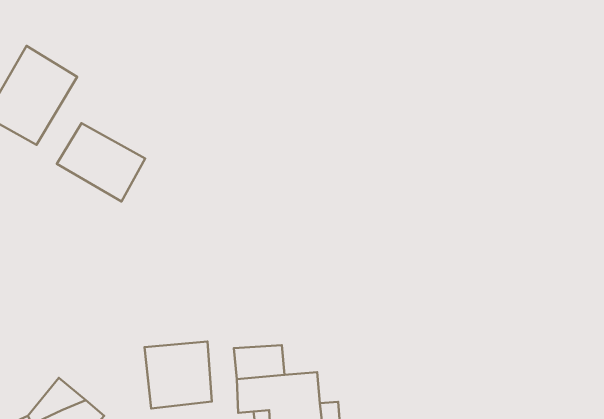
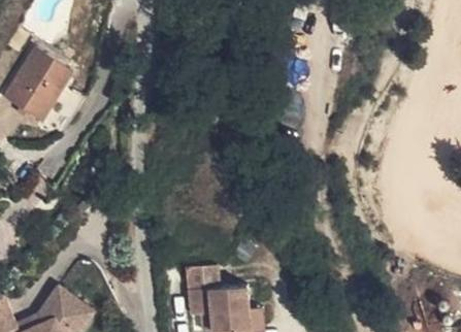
building: [57,123,145,202] -> none
building: [145,342,212,408] -> none

